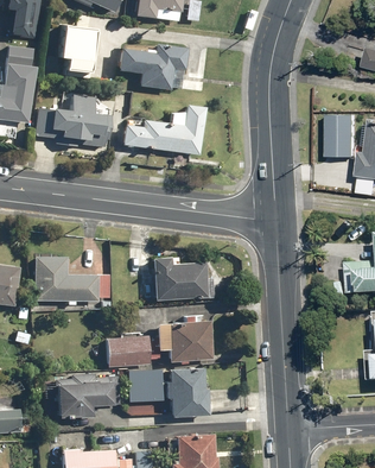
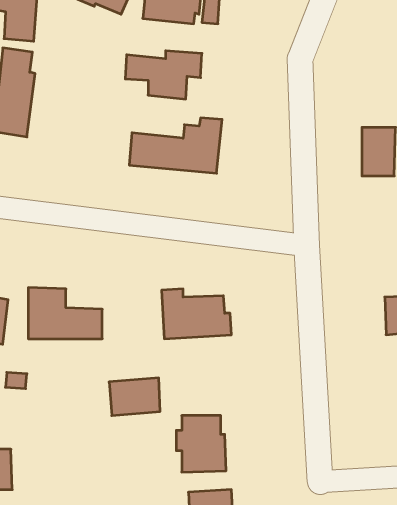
building: [59,24,98,77] -> none
building: [36,95,112,146] -> none
building: [151,321,206,361] -> none
building: [122,368,158,401] -> none
building: [50,374,116,418] -> none

